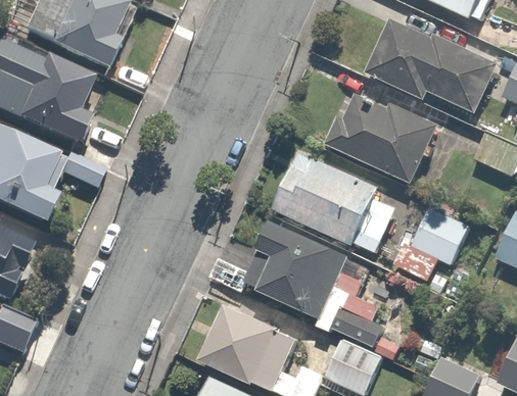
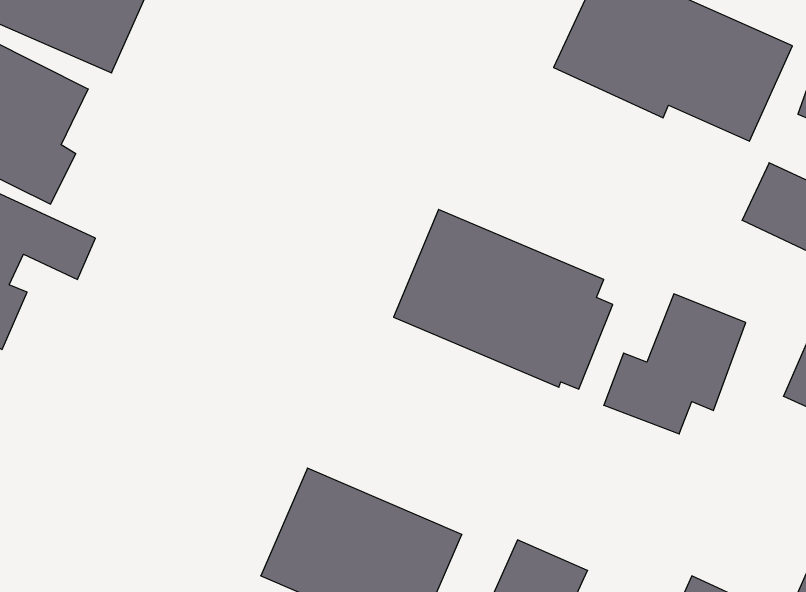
building: [321,98,453,190] -> none
building: [204,218,391,344] -> none

